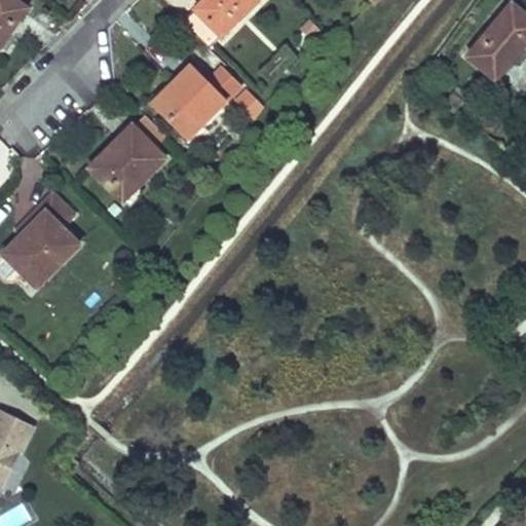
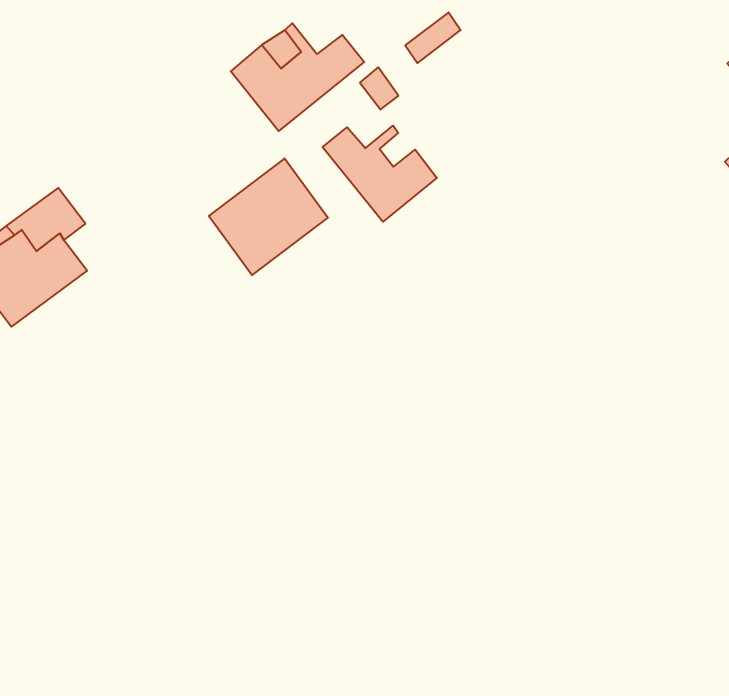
building: [89,122,165,199] -> [209,158,328,275]
building: none -> [323,126,437,222]

